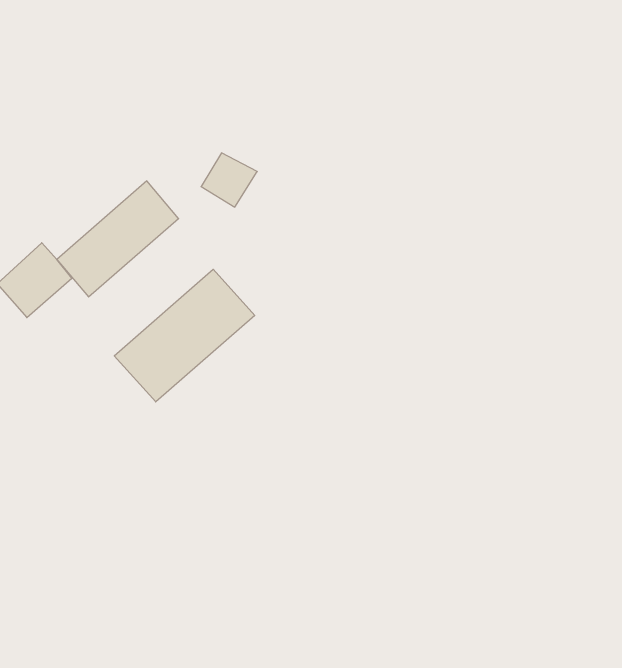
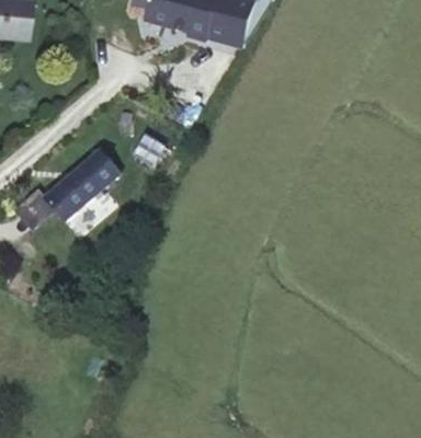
building: [114,269,255,402] -> none

